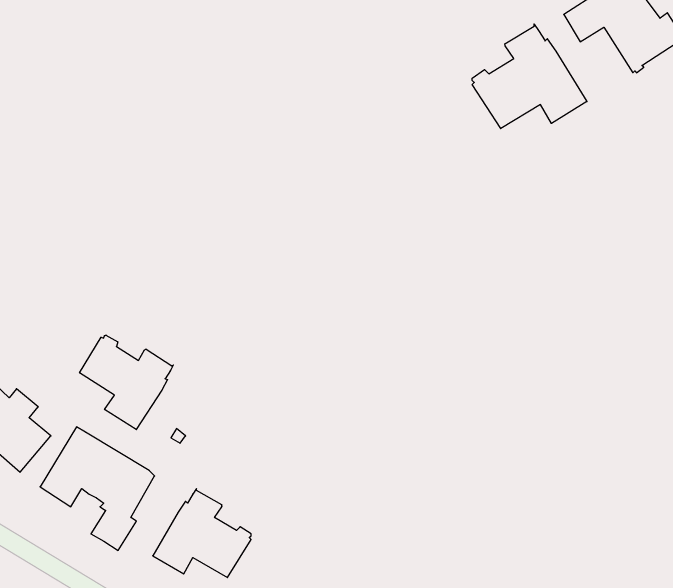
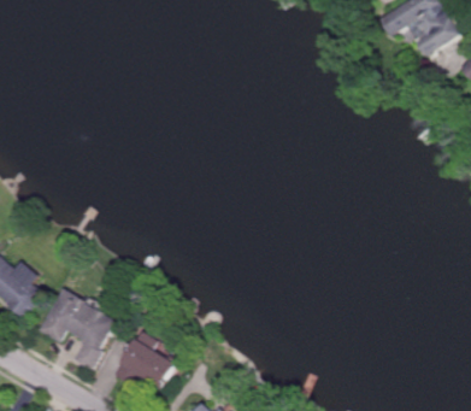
building: [472,24,587,129] -> none
building: [80,335,173,430] -> none

